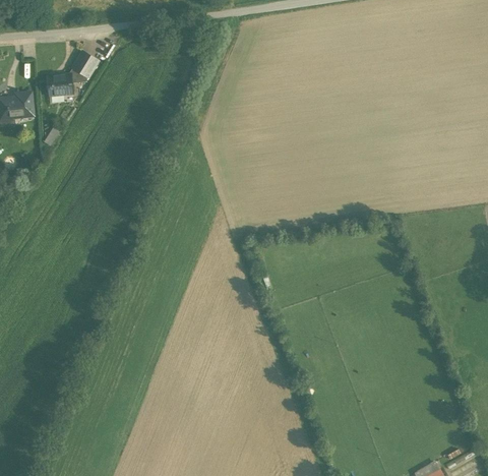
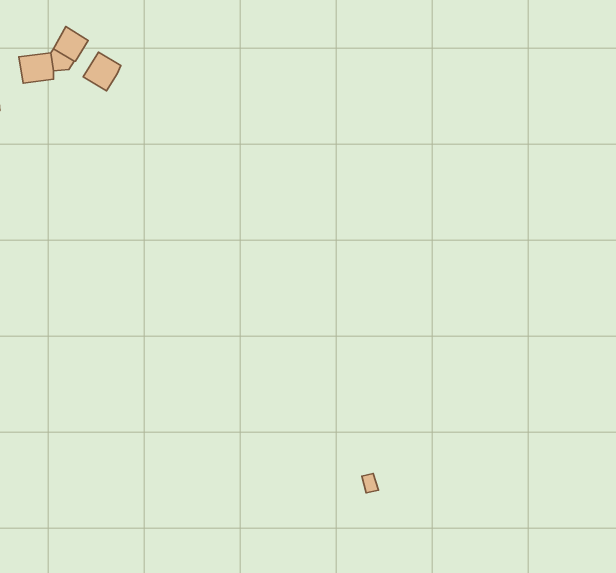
building: none -> [83,52,121,91]

